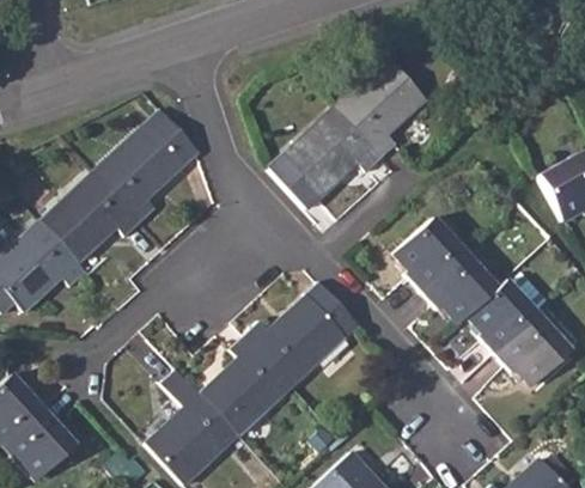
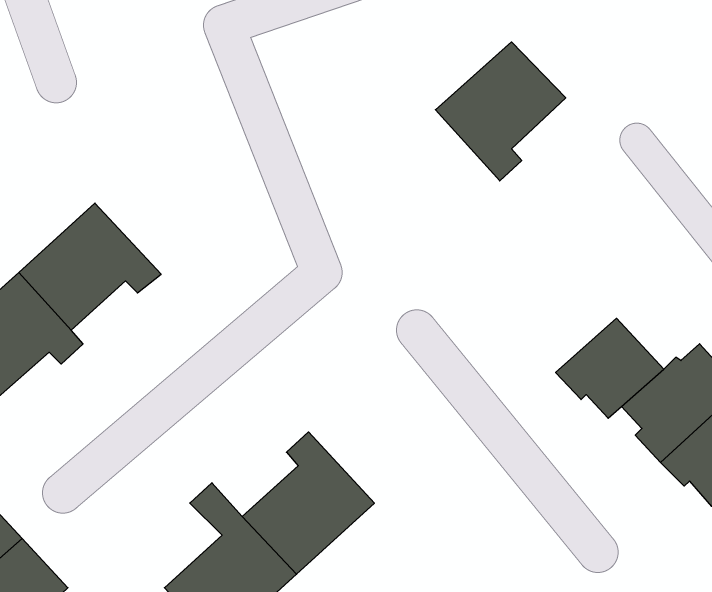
building: [269,106,382,211] -> none
building: [96,124,185,222] -> none
building: [394,218,464,292] -> none
building: [246,283,359,384] -> none

